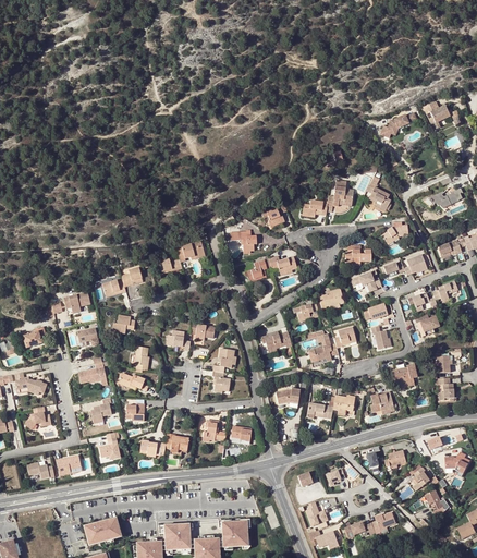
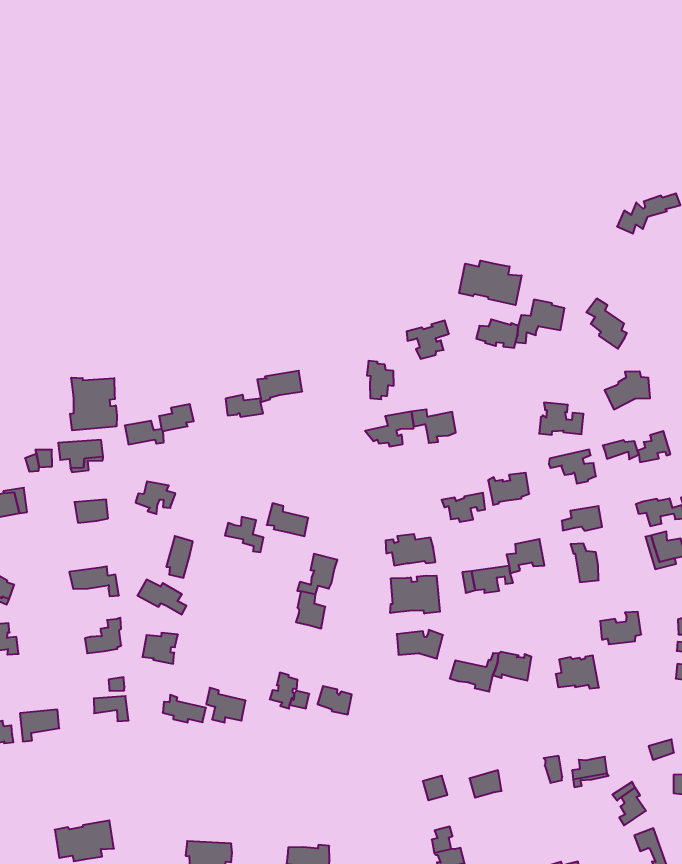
building: none -> [459,261,522,305]
building: none -> [70,378,117,430]
building: none -> [390,576,440,614]

